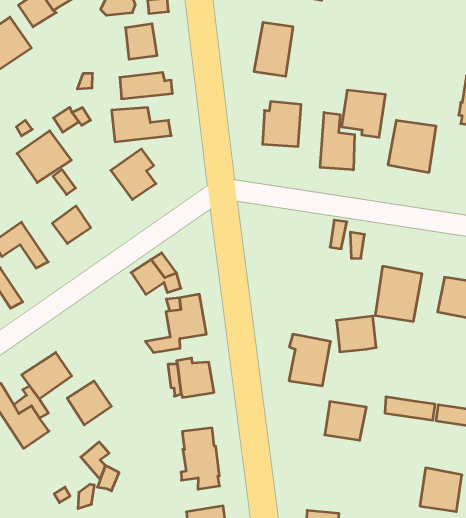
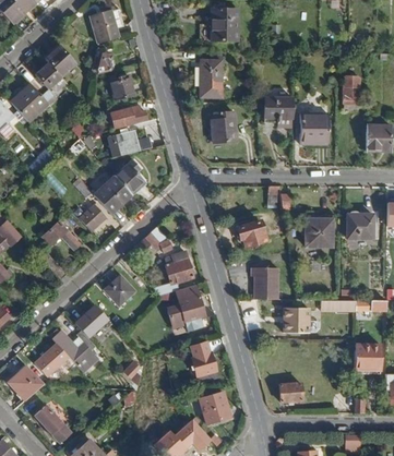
building: [320,112,355,170] -> none
building: [17,131,71,183] -> [94,176,131,212]
building: [336,316,376,352] -> [237,220,266,248]
building: [67,381,111,425] -> [104,274,134,304]

